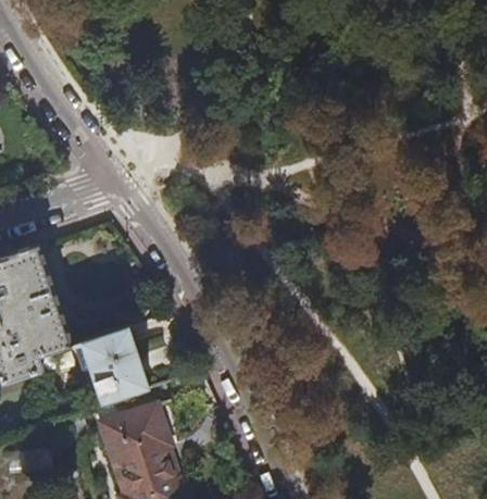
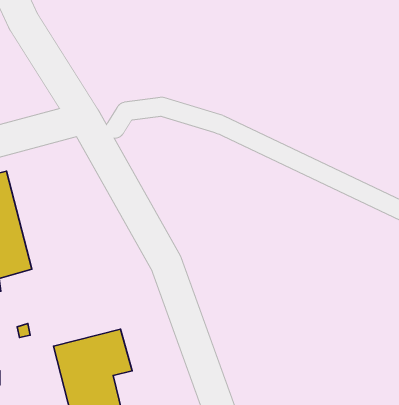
building: [78,330,148,407] -> none

